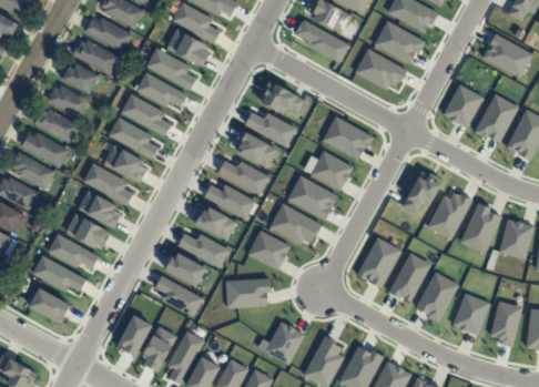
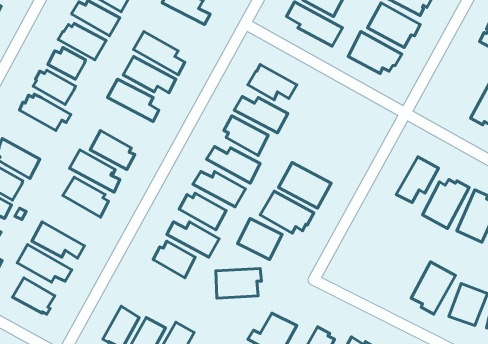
building: [166,28,210,67] -> none
building: [441,83,482,126] -> none
building: [322,115,373,160] -> none
building: [108,116,157,159] -> none
building: [21,133,69,169] -> none
building: [309,150,353,191] -> none
building: [64,213,111,248] -> none
building: [356,236,400,287] -> none
building: [387,252,429,301] -> none
building: [154,275,202,316] -> none

